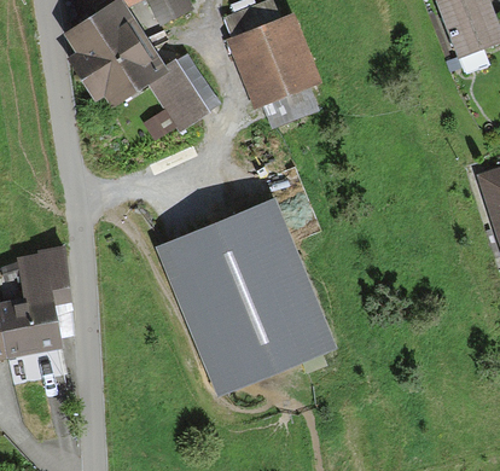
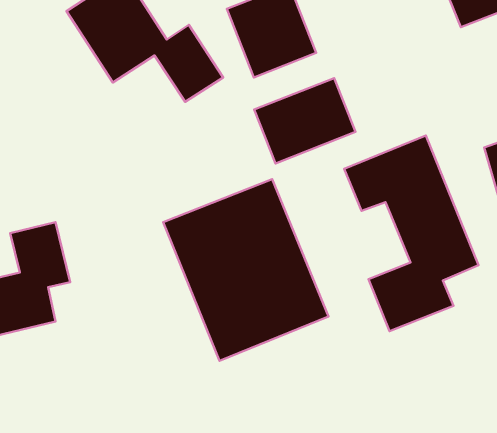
building: none -> [254,78,355,163]
building: none -> [344,136,478,331]

